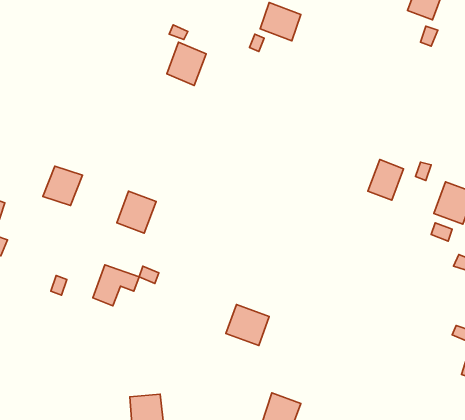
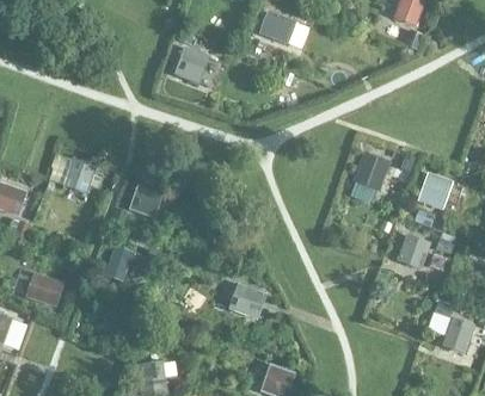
building: none -> [395,234,430,270]
building: none -> [27,272,68,310]

